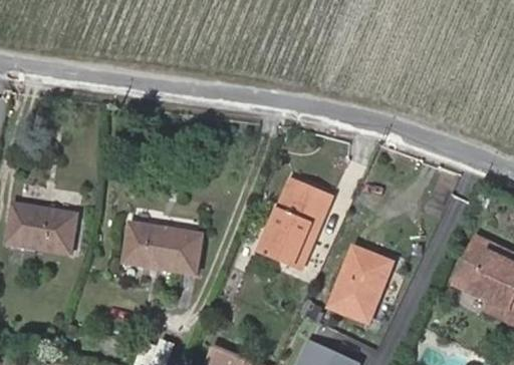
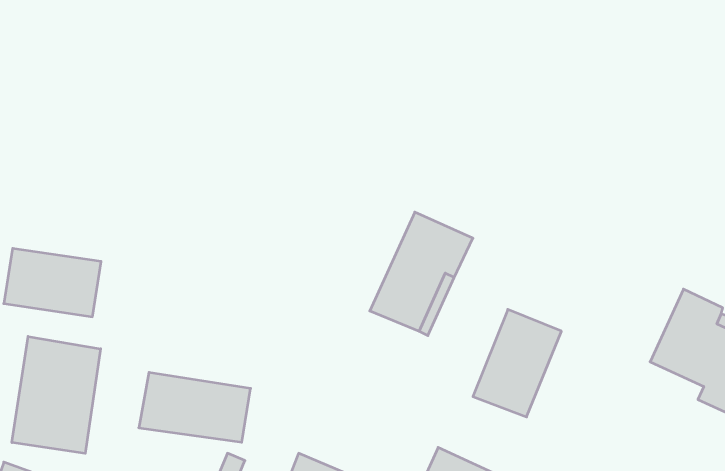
building: [123,225,201,273] -> [139,372,251,442]
building: none -> [12,336,101,453]

